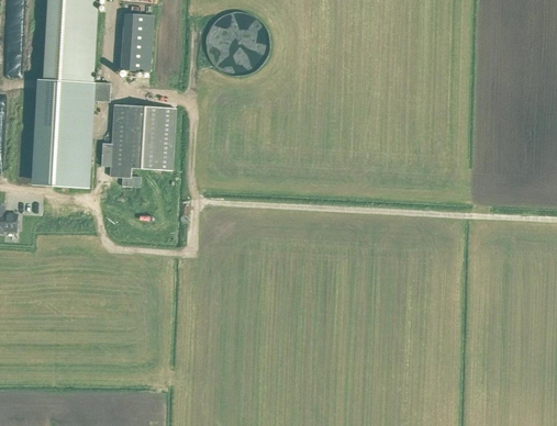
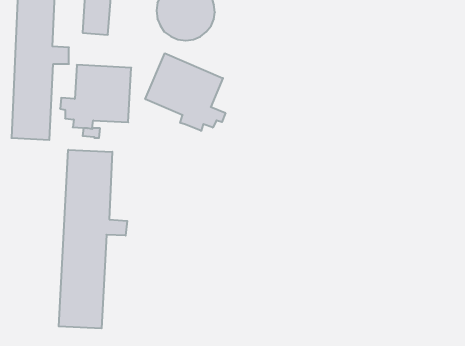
building: none -> [145,53,225,131]
building: none -> [59,150,127,328]

